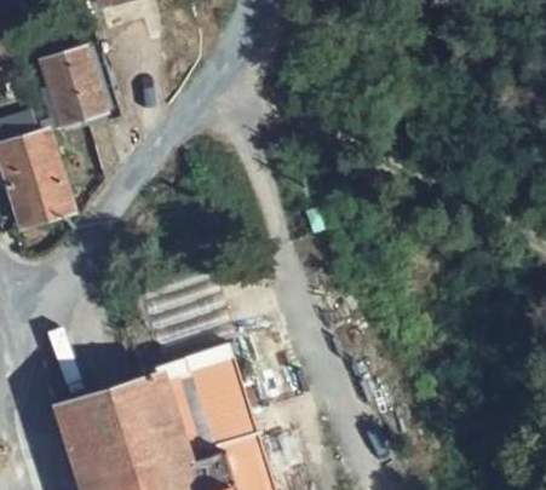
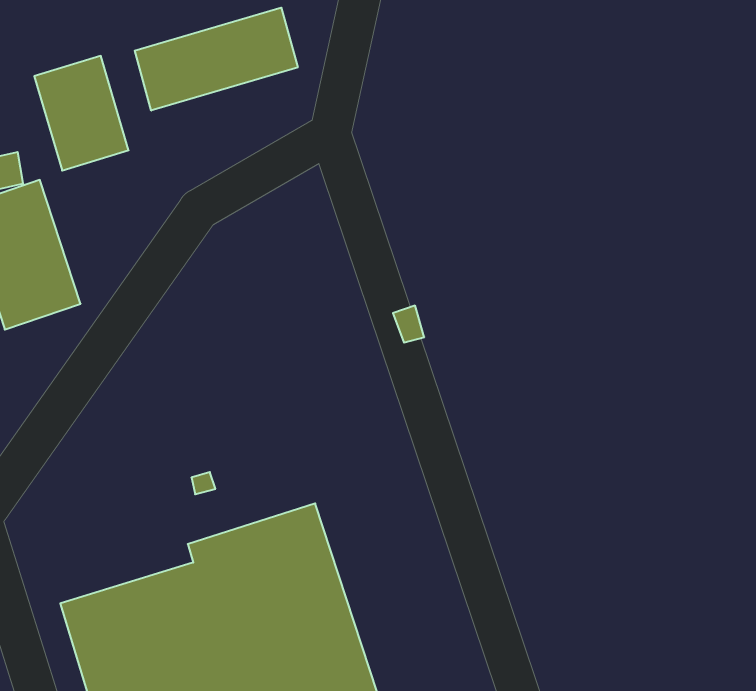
building: none -> [135,8,298,111]

